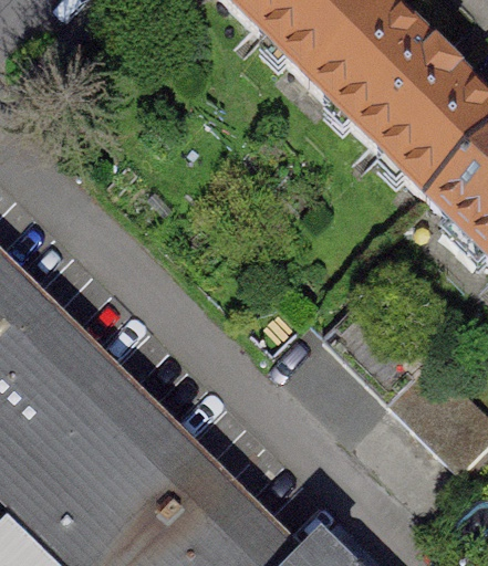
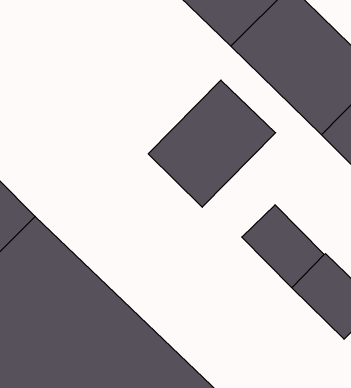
building: none -> [148,80,276,207]

